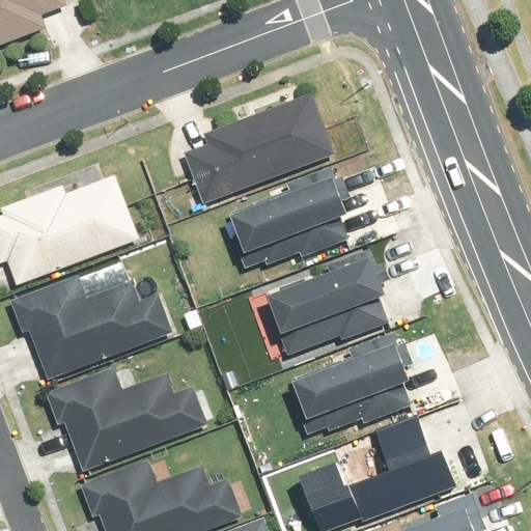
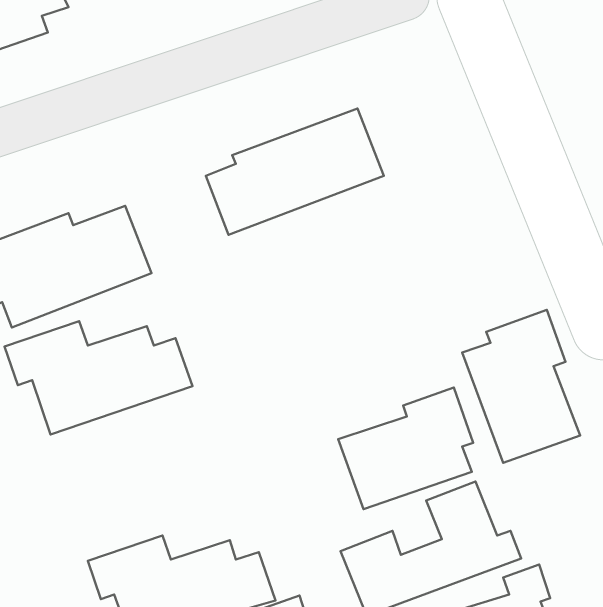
building: [229,168,350,268] -> none
building: [271,250,386,355] -> none
building: none -> [462,310,580,463]
building: [45,371,206,470] -> none

